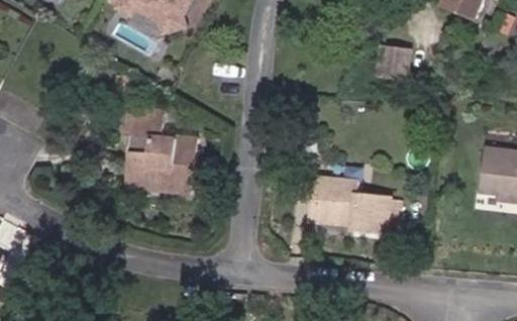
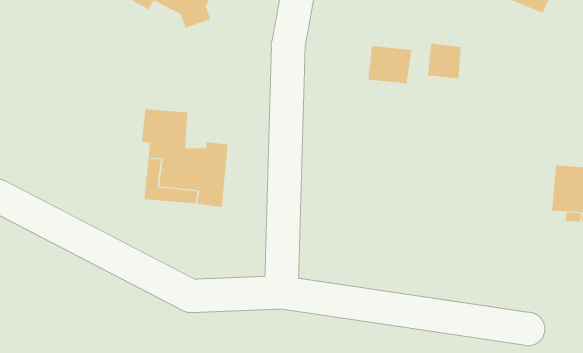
building: none -> [368,45,412,84]
building: [310,181,392,238] -> none

